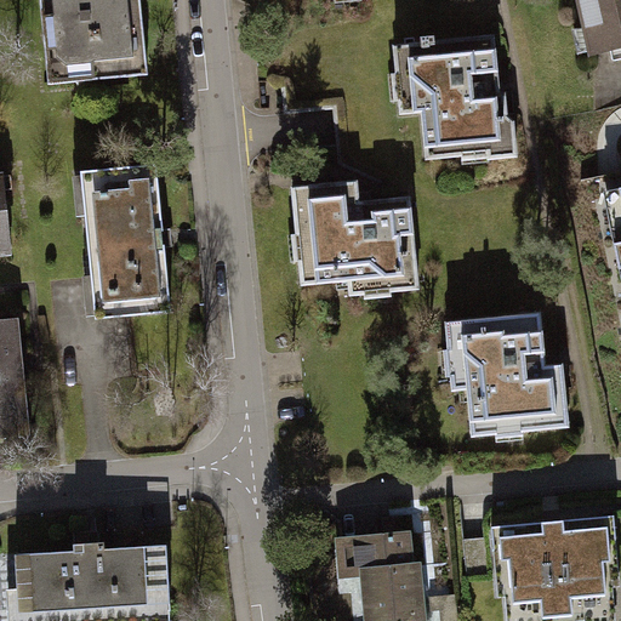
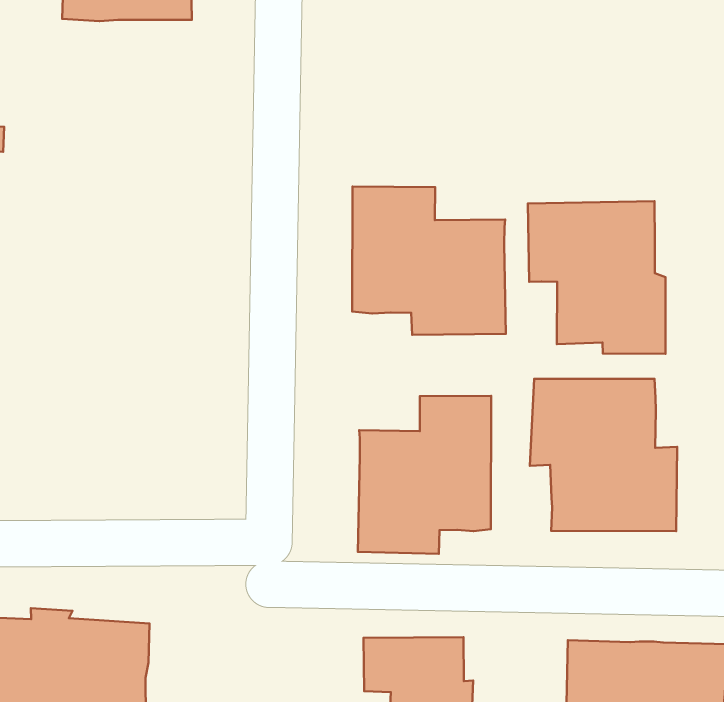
building: [392,36,511,159] -> [528,201,665,354]
building: [73,165,176,320] -> none
building: none -> [358,396,491,554]

